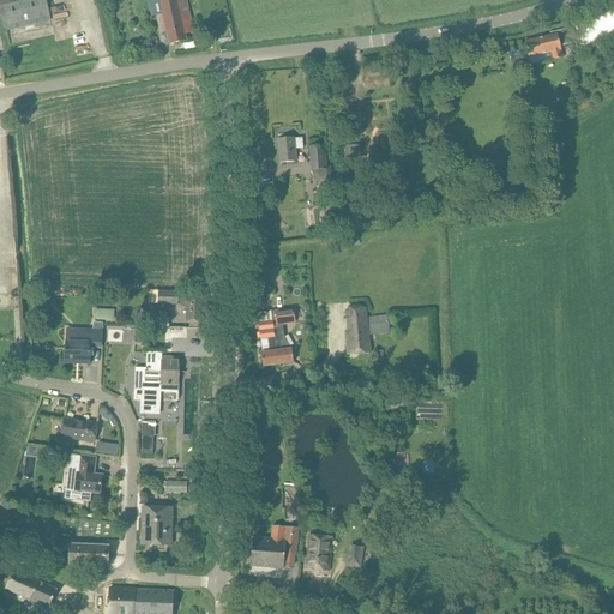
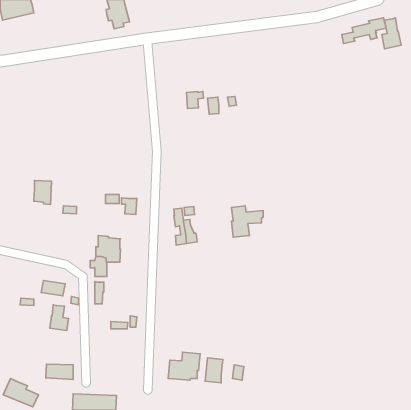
building: none -> [382,18,401,49]
building: [65,327,91,363] -> [34,180,51,205]
building: [142,506,173,544] -> none

